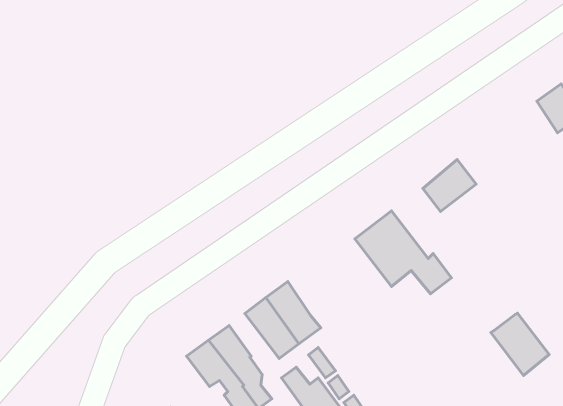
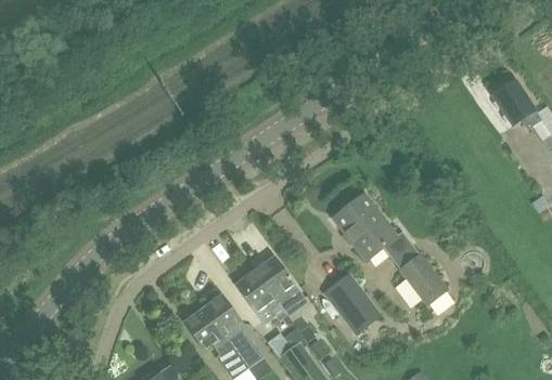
building: [423,160,476,212] -> none
building: none -> [325,276,377,333]
building: [491,313,549,375] -> [397,251,449,306]

